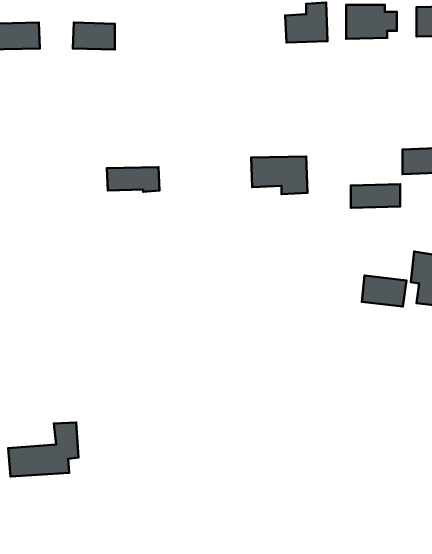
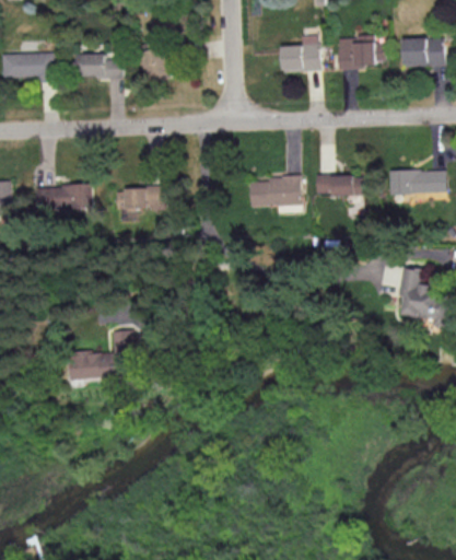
building: none -> [139,47,171,83]
building: none -> [35,186,91,210]
building: [351,184,400,208] -> [315,174,361,196]
building: [362,275,406,306] -> none
building: [8,422,79,476] -> [68,330,133,381]

